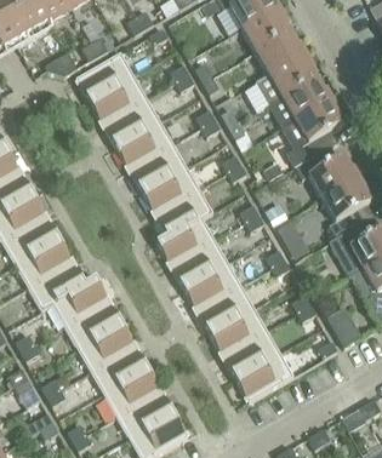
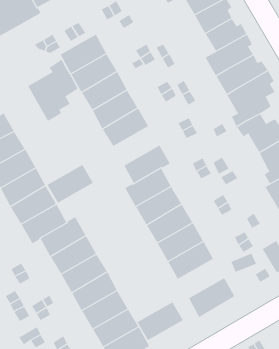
building: none -> [28,59,78,122]
building: [141,165,199,213] -> [47,164,94,204]
building: [221,328,279,377] -> [137,302,184,341]

